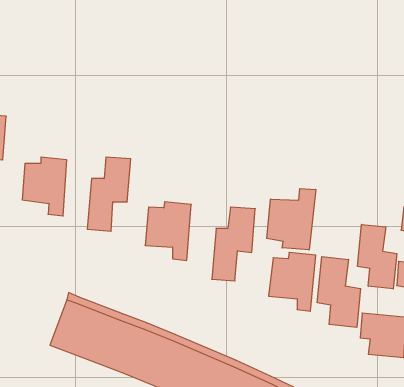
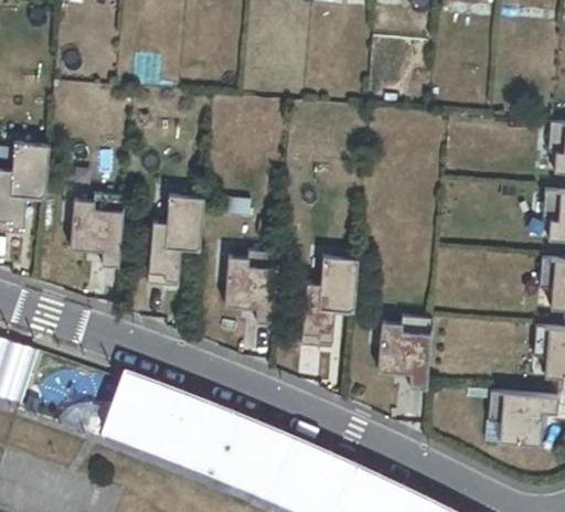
building: [267,189,316,250] -> none
building: [358,224,397,289] -> none
building: [317,257,361,327] -> none

